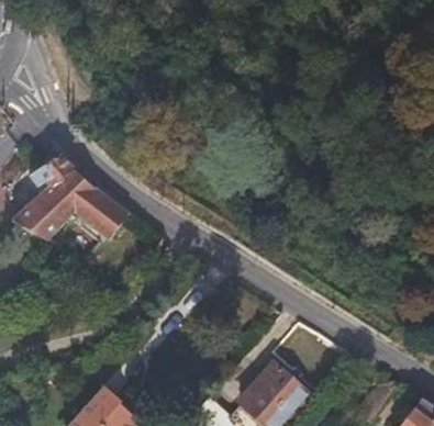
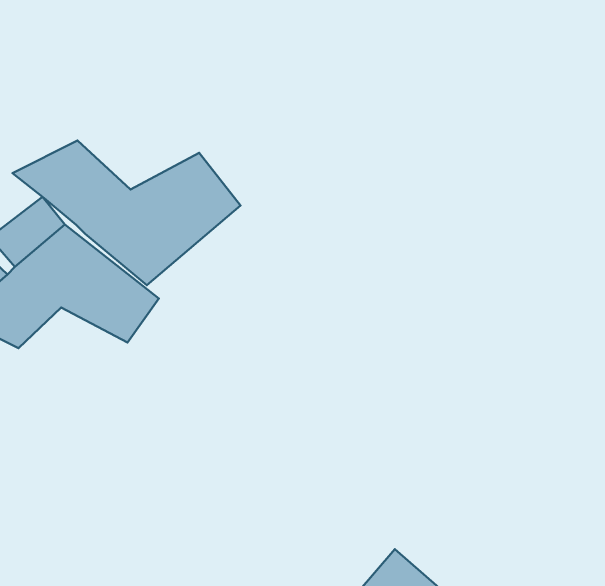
building: none -> [12,141,240,285]

